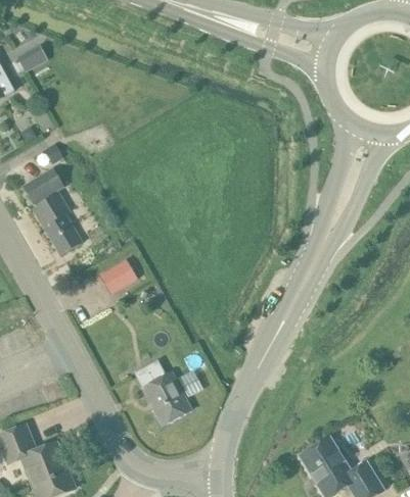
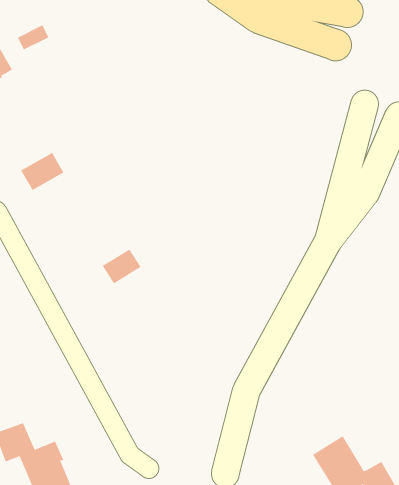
building: [35,194,83,255] -> none
building: [135,360,191,425] -> none

